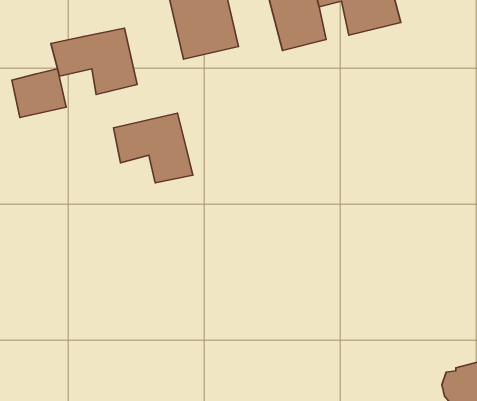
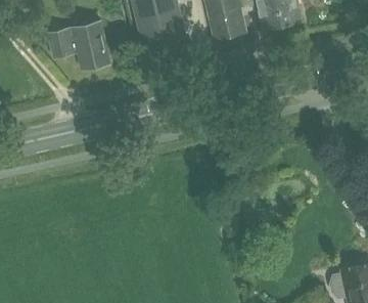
building: [12,69,66,117] -> none
building: [113,113,193,183] -> none

